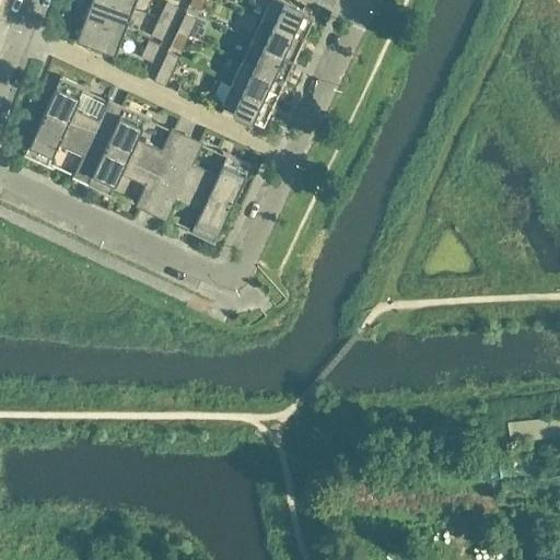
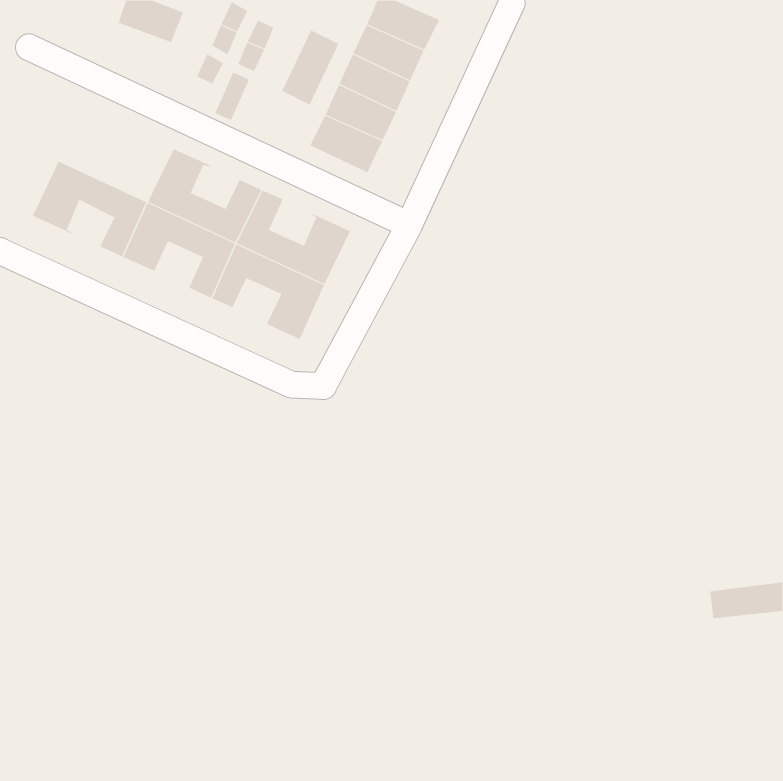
building: [75,18,122,55] -> none
building: none -> [282,29,339,105]
building: [42,78,124,145] -> none

